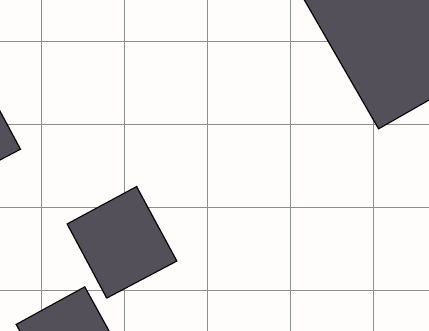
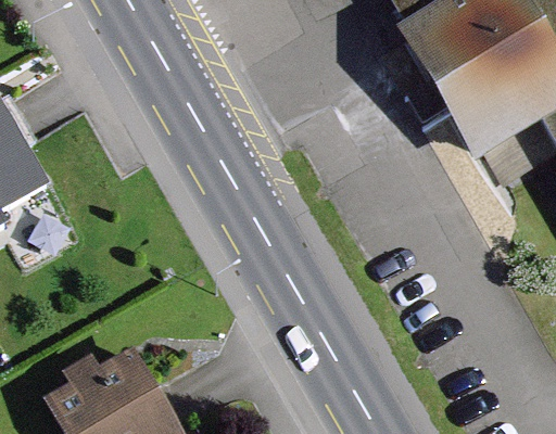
building: [67,186,177,298] -> none

